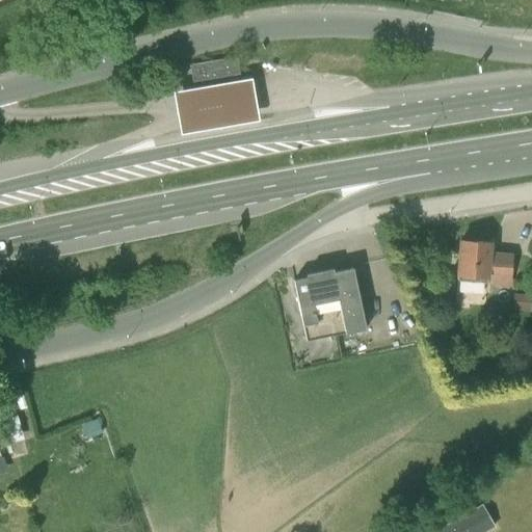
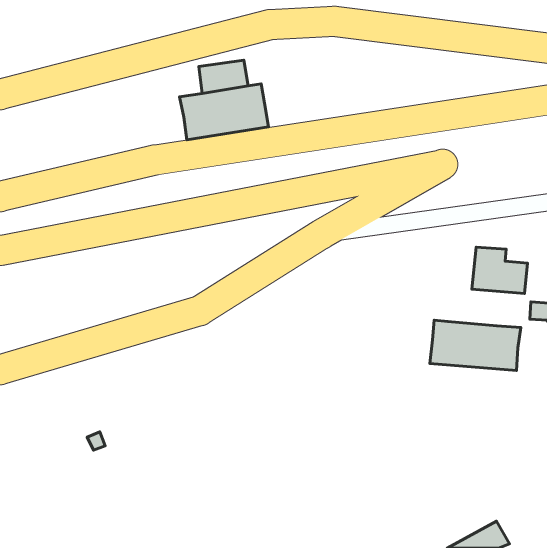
building: [295,266,367,340] -> none
building: none -> [430,320,521,371]

